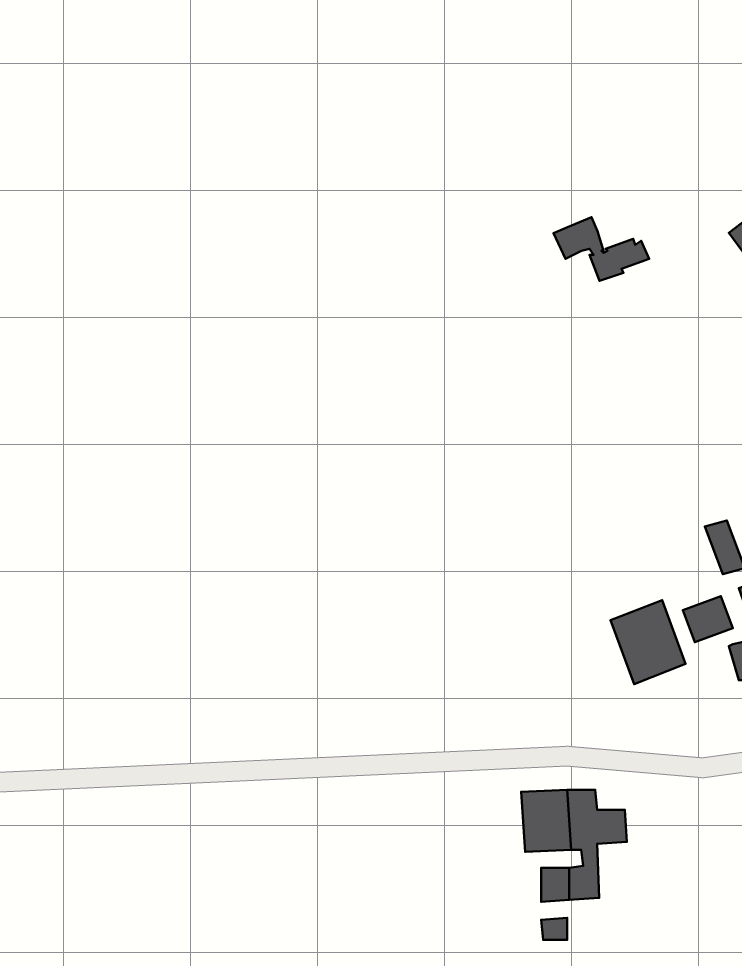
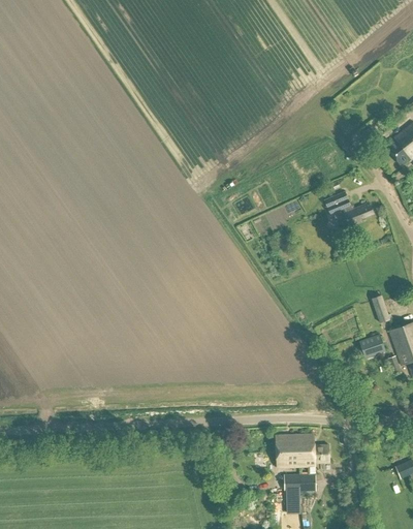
building: [553,217,649,281] -> [324,193,374,226]
building: [611,600,686,684] -> none

